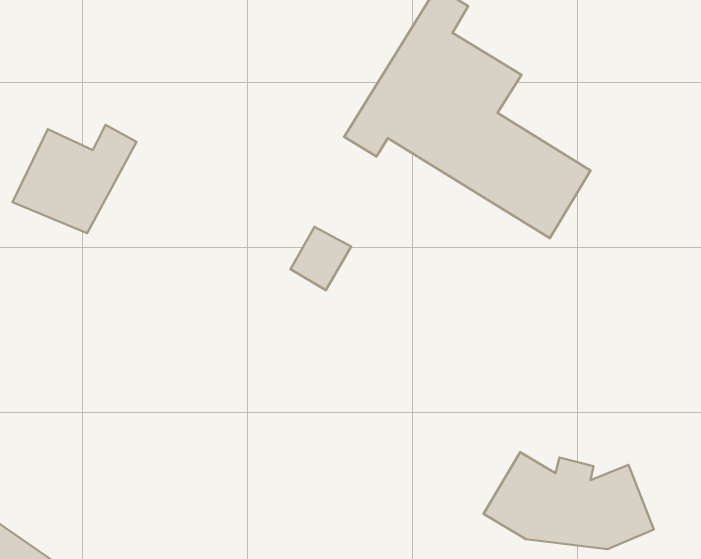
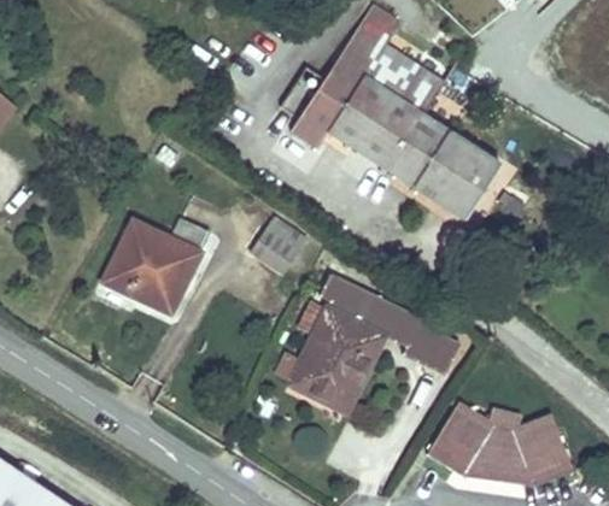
building: [12,125,136,233] -> [99,214,205,307]
building: none -> [277,269,462,402]

